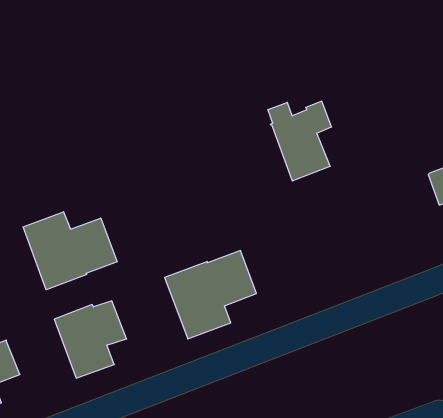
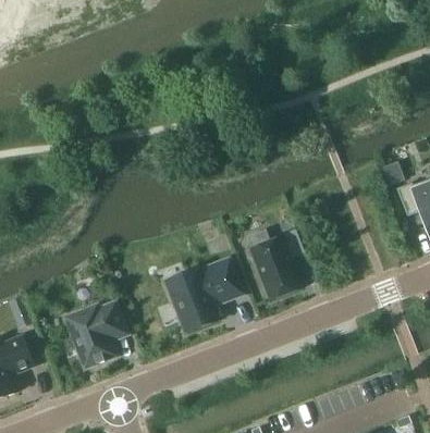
building: [268,101,332,181] -> [246,228,303,299]
building: [23,212,117,290] -> none

